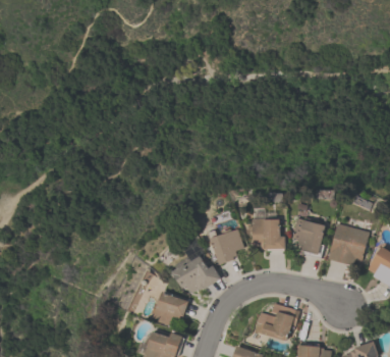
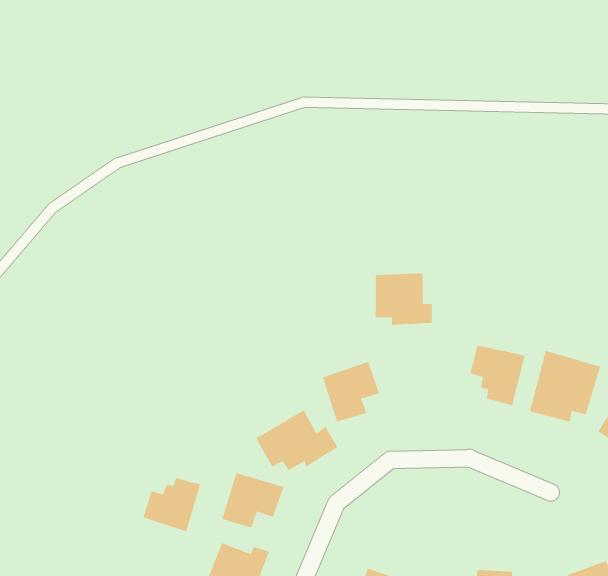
building: [253,219,285,249] -> [375,273,432,325]
building: none -> [143,477,201,532]
building: [255,306,297,340] -> none

